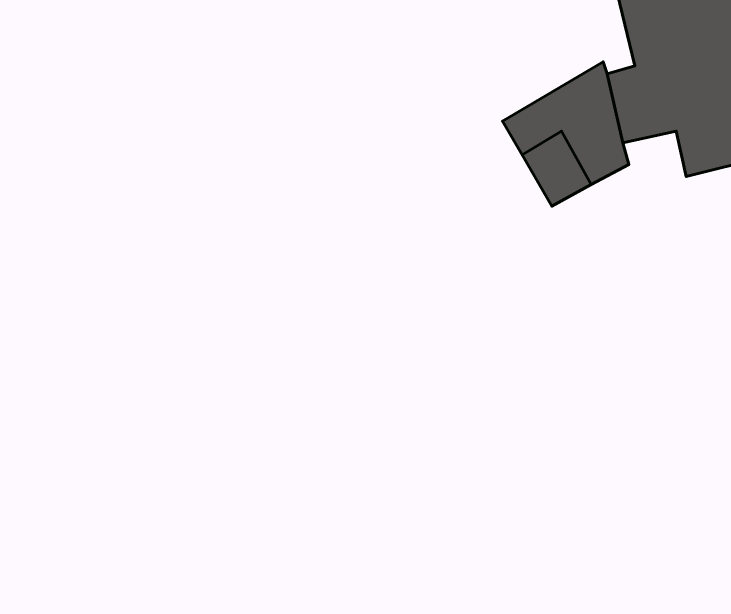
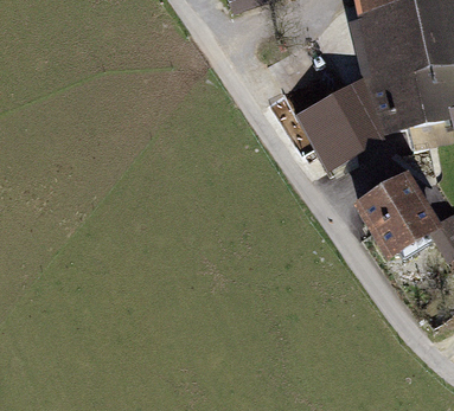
building: none -> [363,180,433,251]

